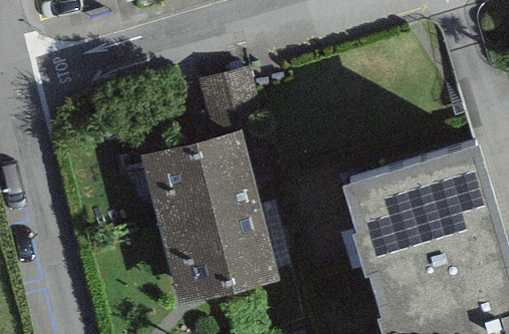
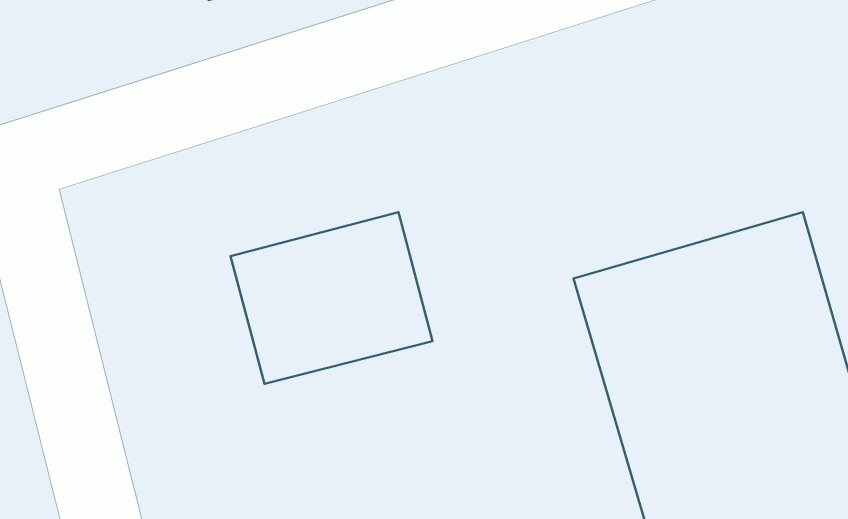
building: [160,208,277,305] -> none

